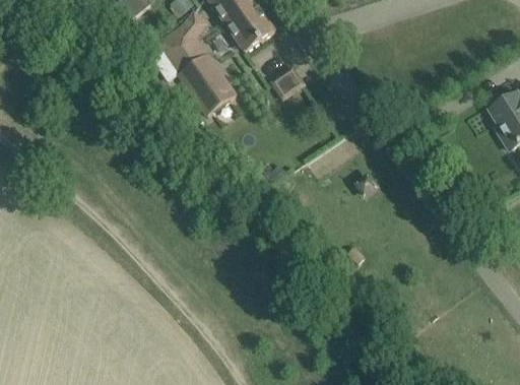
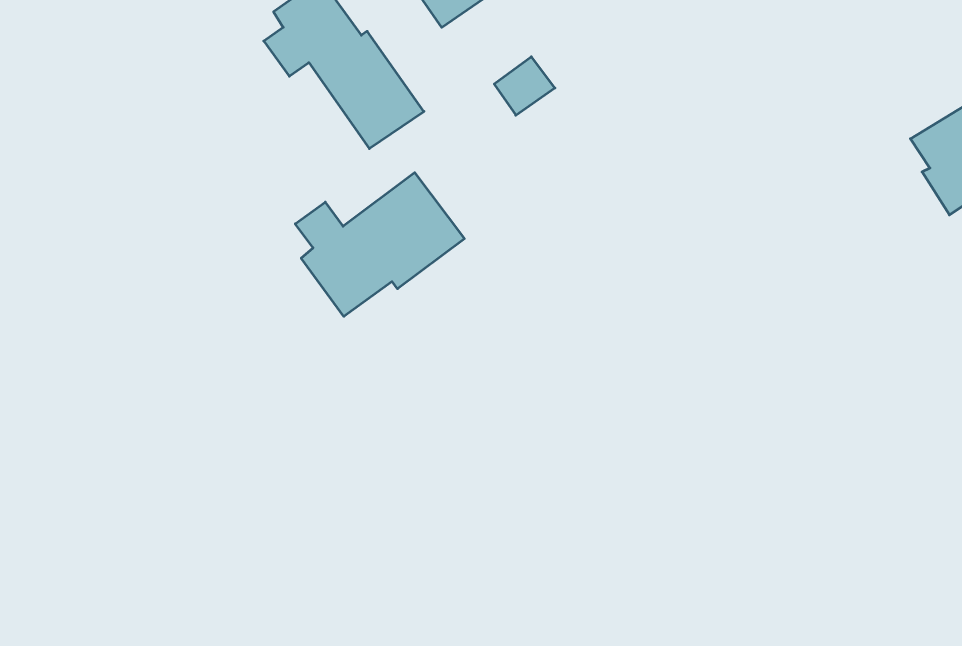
building: none -> [295,173,464,316]

